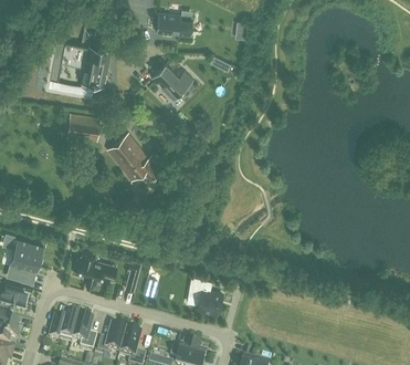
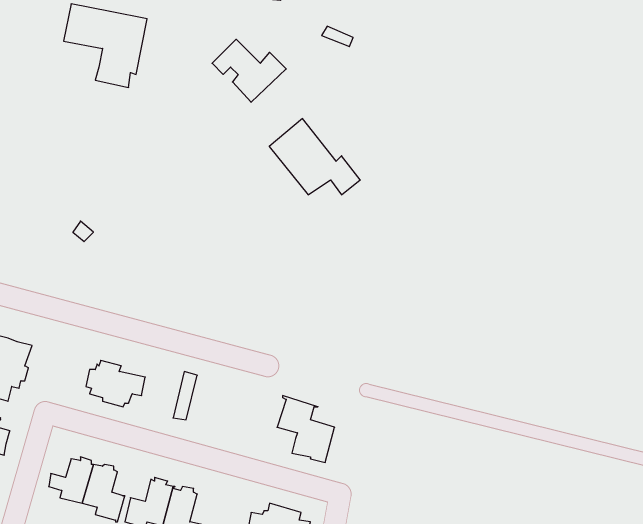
building: [66,111,101,139] -> none
building: [108,131,162,176] -> [269,119,360,195]

